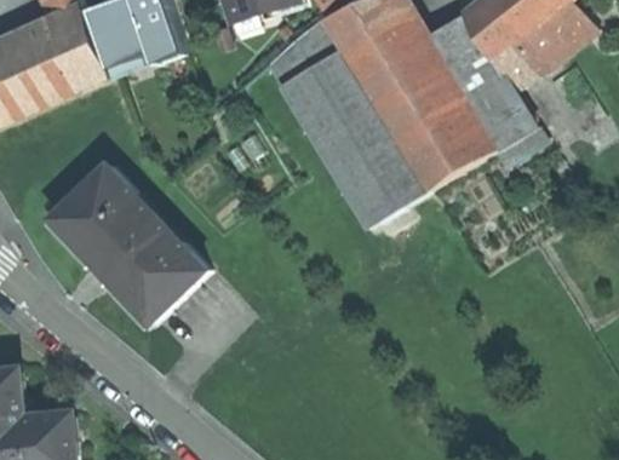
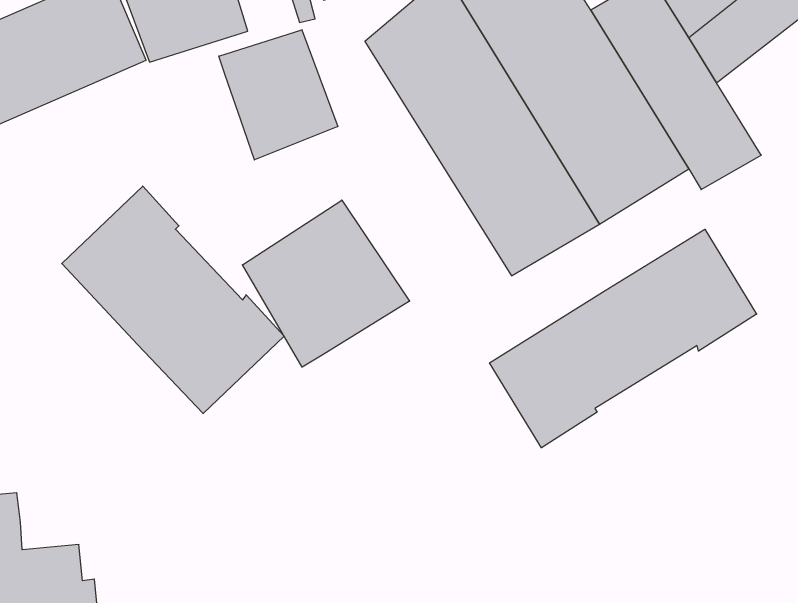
building: none -> [219,30,338,160]
building: none -> [242,200,410,367]
building: none -> [490,229,757,448]

